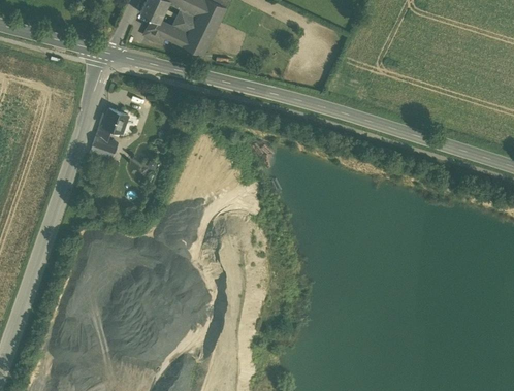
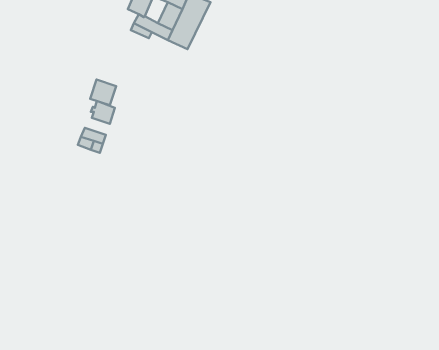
building: none -> [90,79,116,105]

